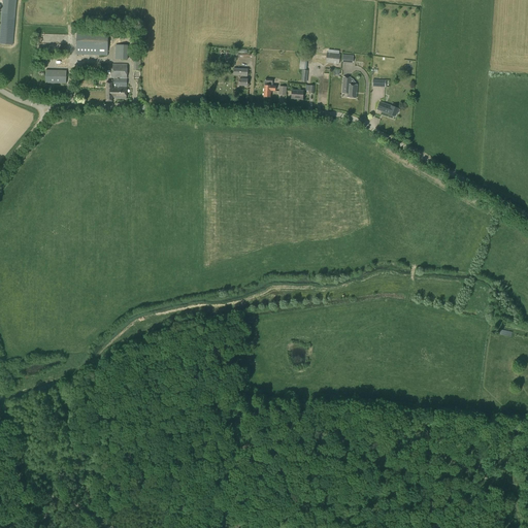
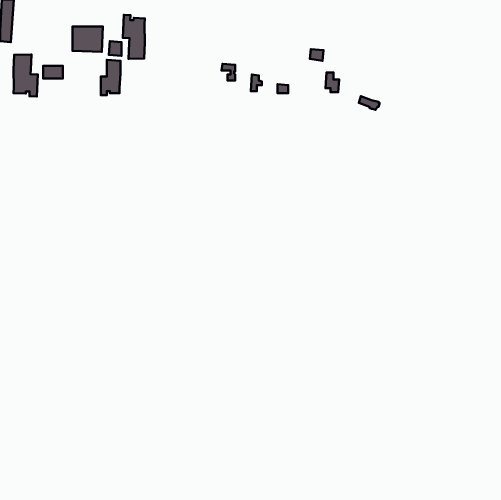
building: none -> [123,15,145,59]
building: none -> [13,55,38,96]

